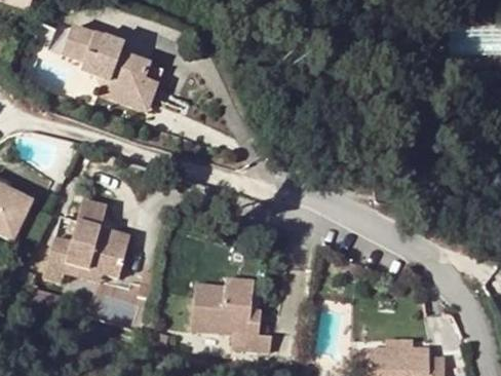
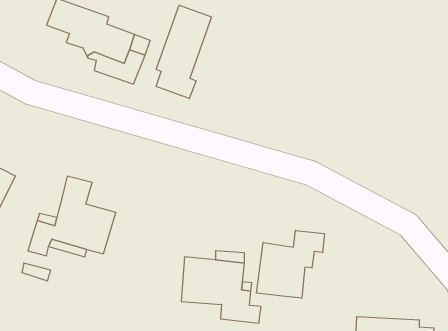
building: none -> [156,5,212,99]
building: none -> [257,230,324,298]

